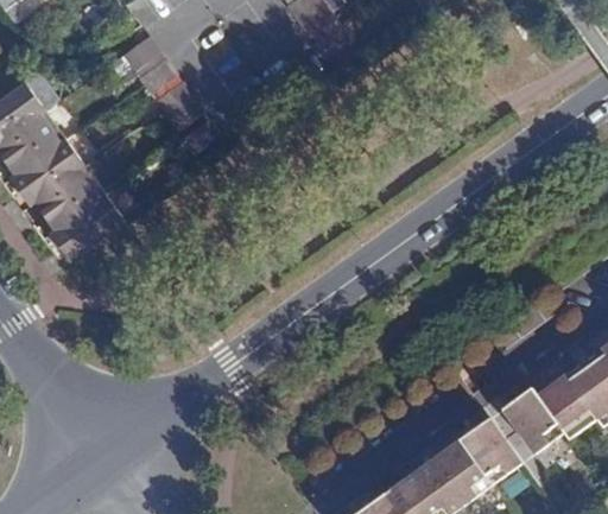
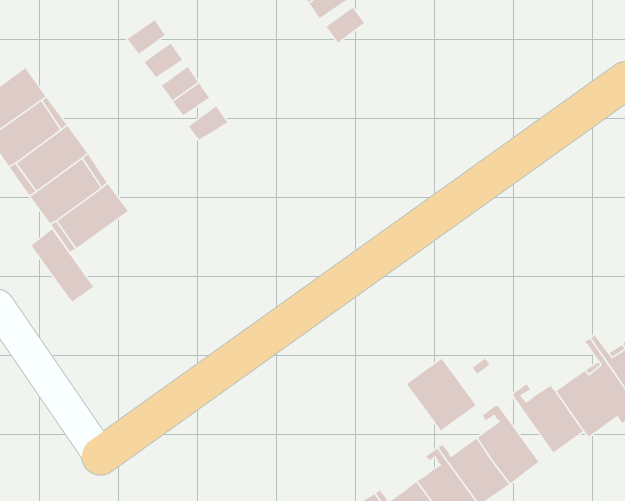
building: none -> [31,228,95,303]
building: none -> [406,358,476,432]

